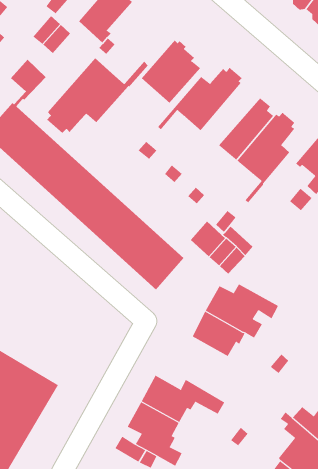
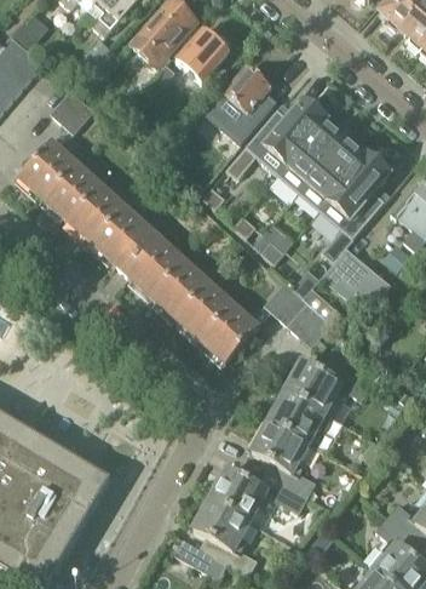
building: none -> [178,28,231,81]
building: [46,57,149,134] -> none
building: none -> [278,118,349,191]
building: none -> [323,247,392,315]
building: none -> [249,419,316,498]

